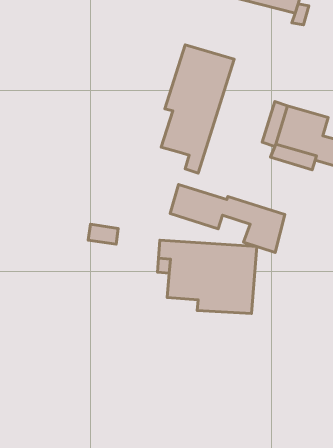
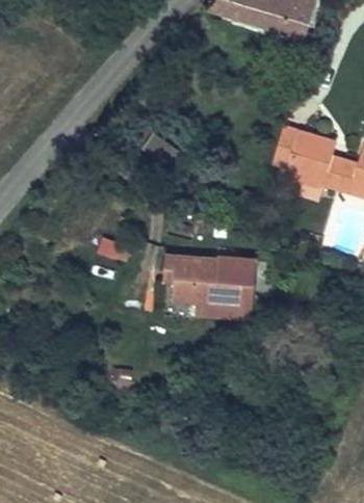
building: [161,45,234,173] -> none
building: [170,184,285,252] -> none

